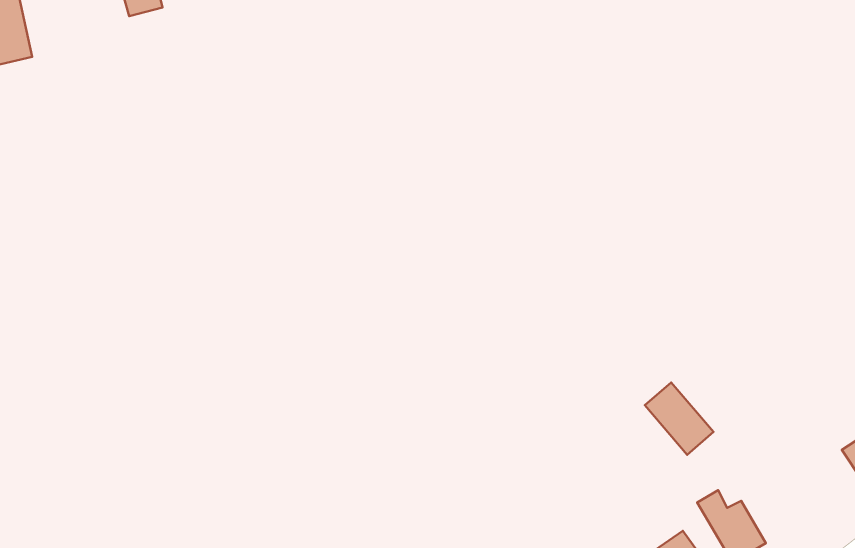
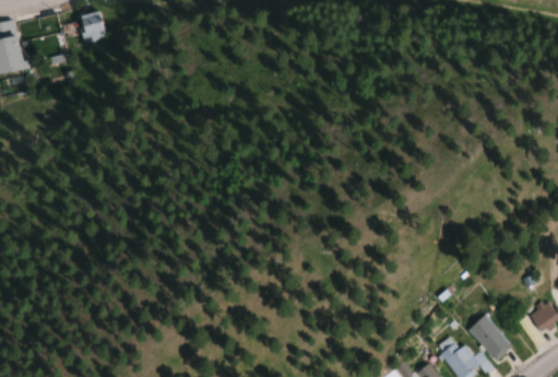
building: [645,382,714,455] -> [470,315,512,360]

